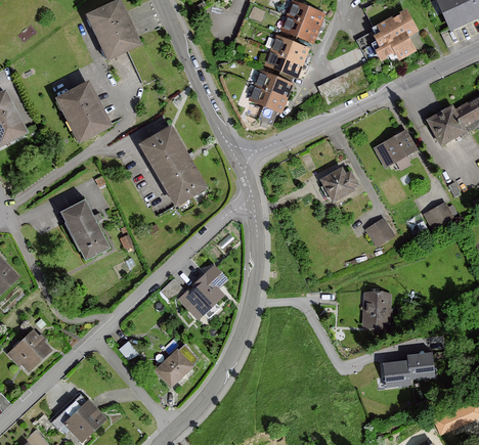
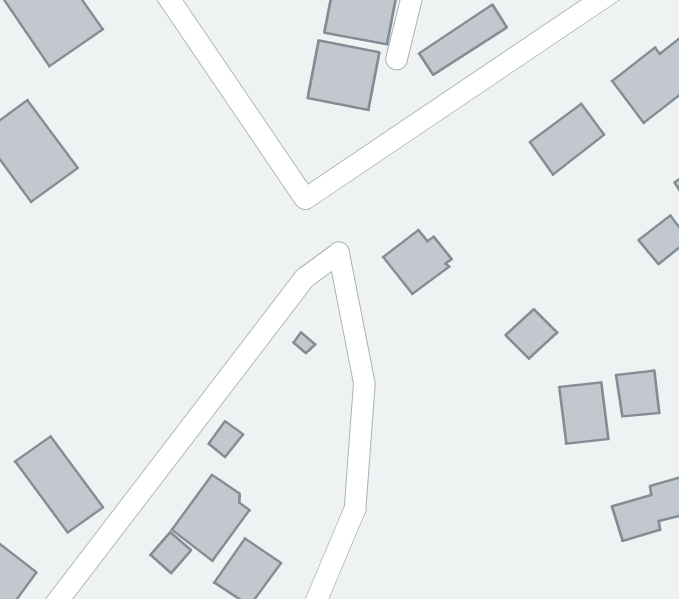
building: [141,125,206,202] -> none
building: [316,168,355,204] -> [383,230,452,294]
building: [62,198,108,255] -> [15,436,103,532]
building: [363,219,393,247] -> [506,309,557,359]
building: [176,272,222,321] -> [172,475,250,561]
building: none -> [616,370,659,416]

